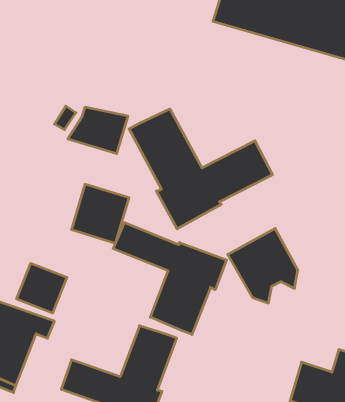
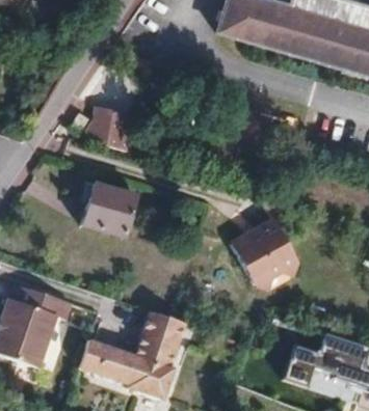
building: [129,109,272,229] -> none
building: [113,223,227,335] -> none
building: [17,263,67,313] -> none

